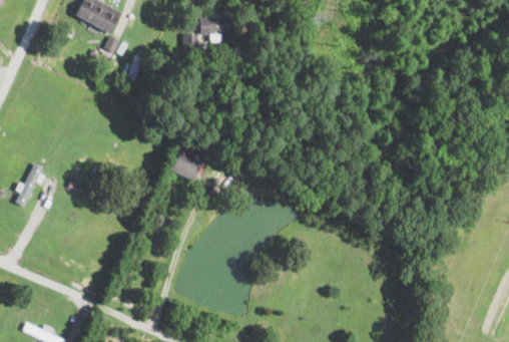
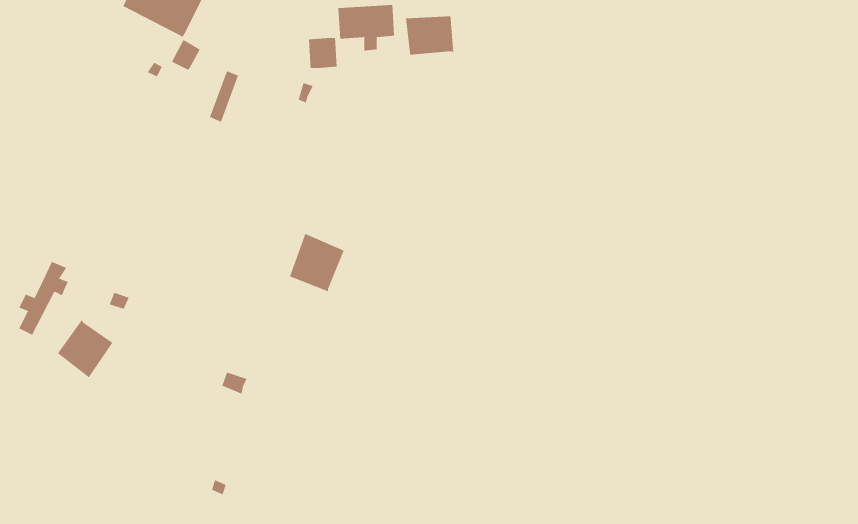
building: none -> [405,16,454,56]
building: none -> [57,319,113,378]

